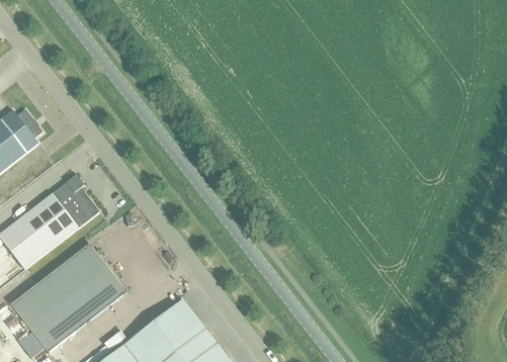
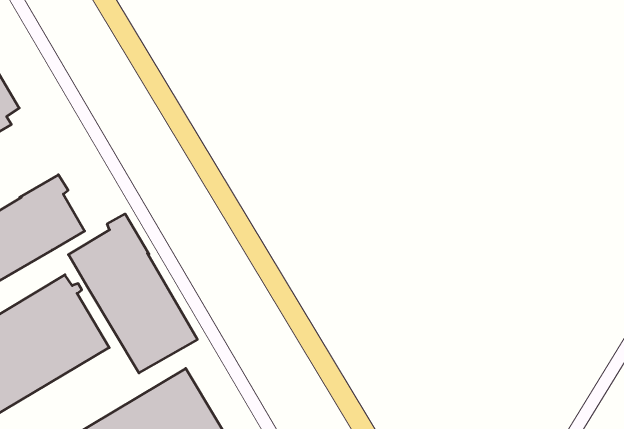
building: none -> [68,214,197,373]

